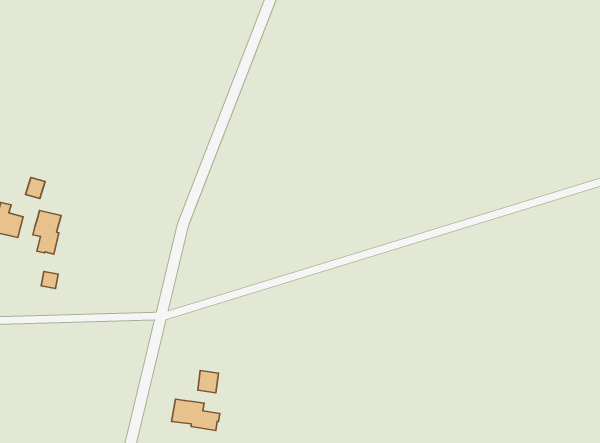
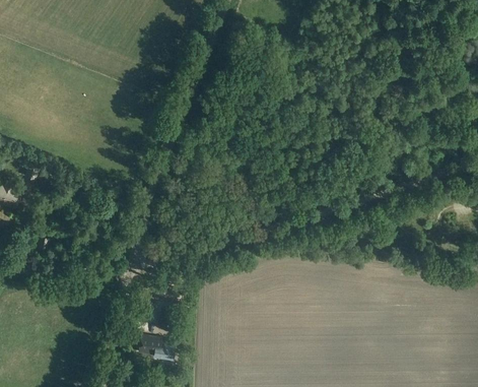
building: [33,210,61,254] -> none

